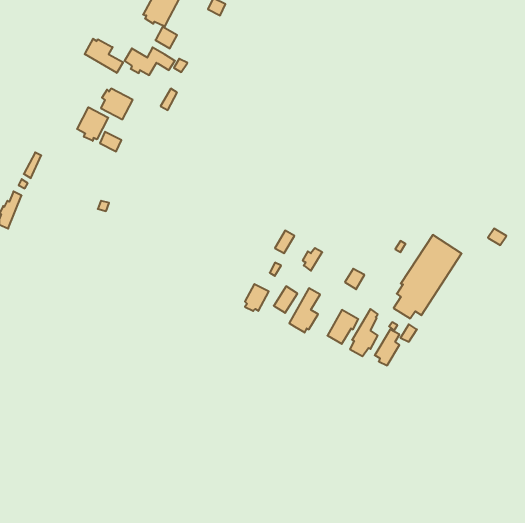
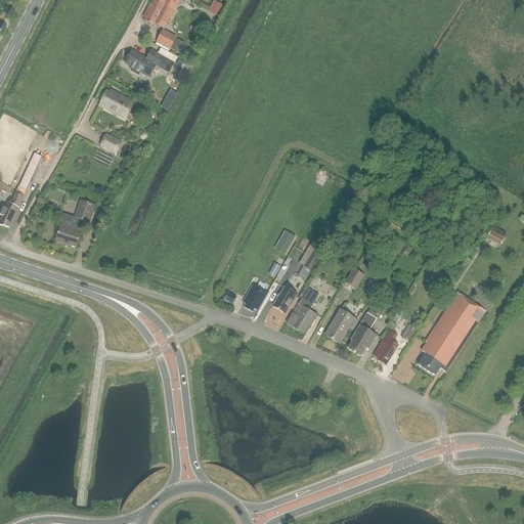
building: [85,39,123,73] -> none
building: [77,107,108,141] -> none
building: none -> [54,196,94,244]
building: [394,235,462,318] -> [418,291,485,374]

